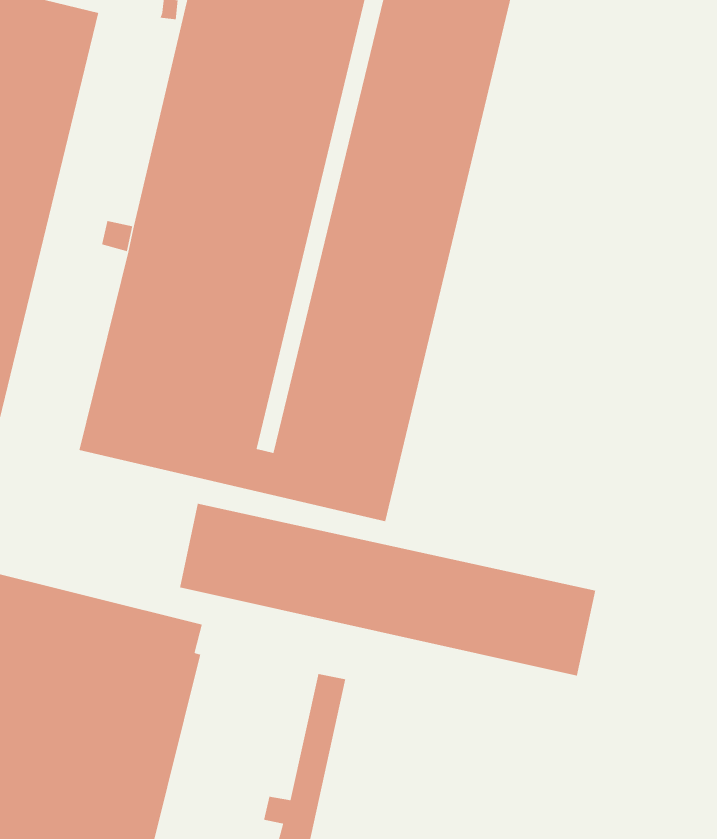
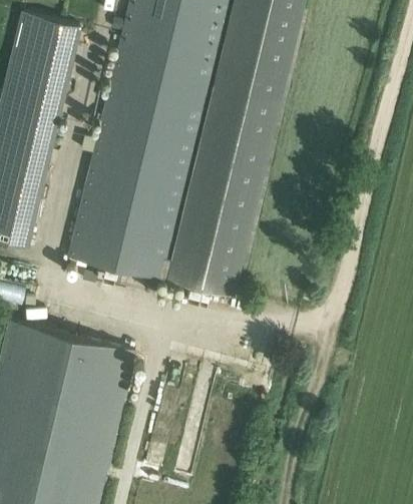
building: [179,503,596,676] -> none

